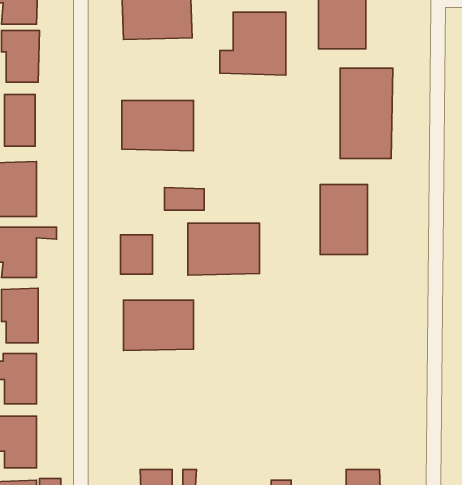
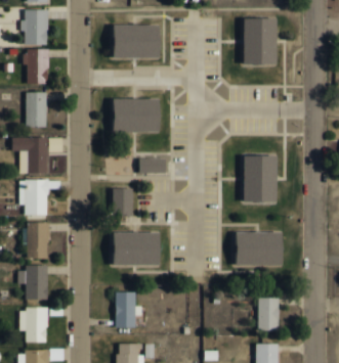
building: [220,12,286,75] -> none
building: [340,68,393,159] -> none
building: [188,223,259,275] -> [229,230,278,265]
building: none -> [117,293,137,329]
building: none -> [259,299,280,333]

